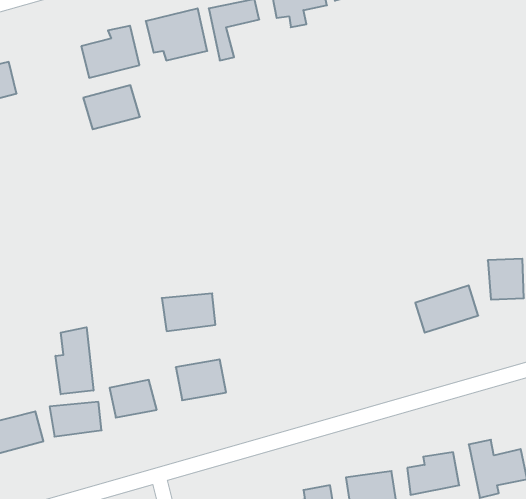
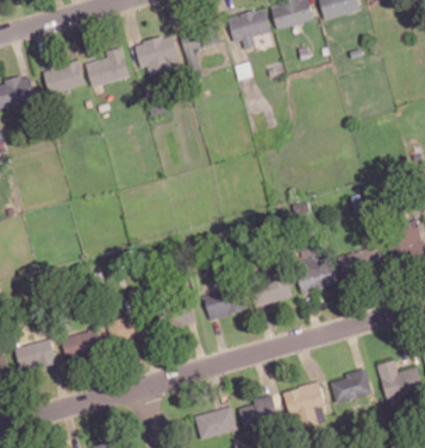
building: [83,85,140,129] -> [43,61,86,94]
building: none -> [294,247,338,292]
building: [162,293,215,331] -> [205,289,245,317]
building: none -> [251,275,292,304]
building: [56,327,93,394] -> none

